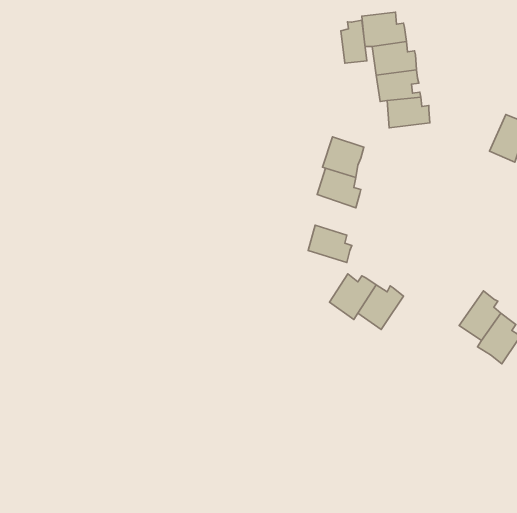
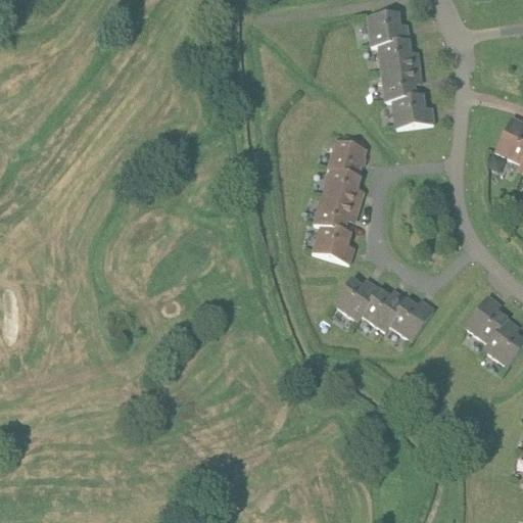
building: [341,20,367,63] -> none
building: none -> [313,196,360,237]
building: none -> [389,297,435,341]

